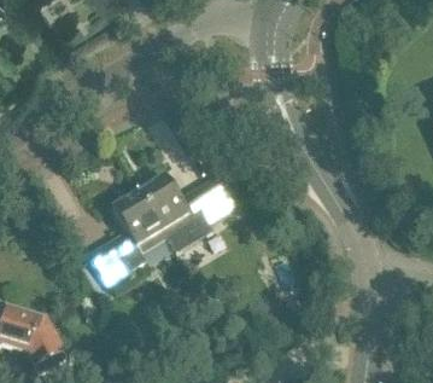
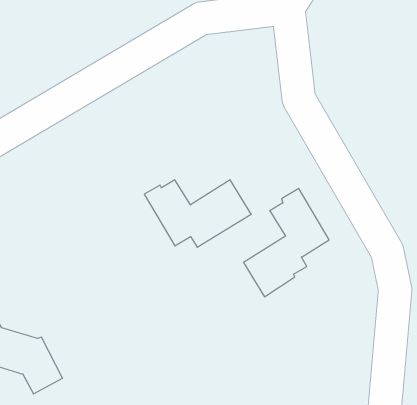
building: [88,190,166,289] -> [243,188,329,297]

